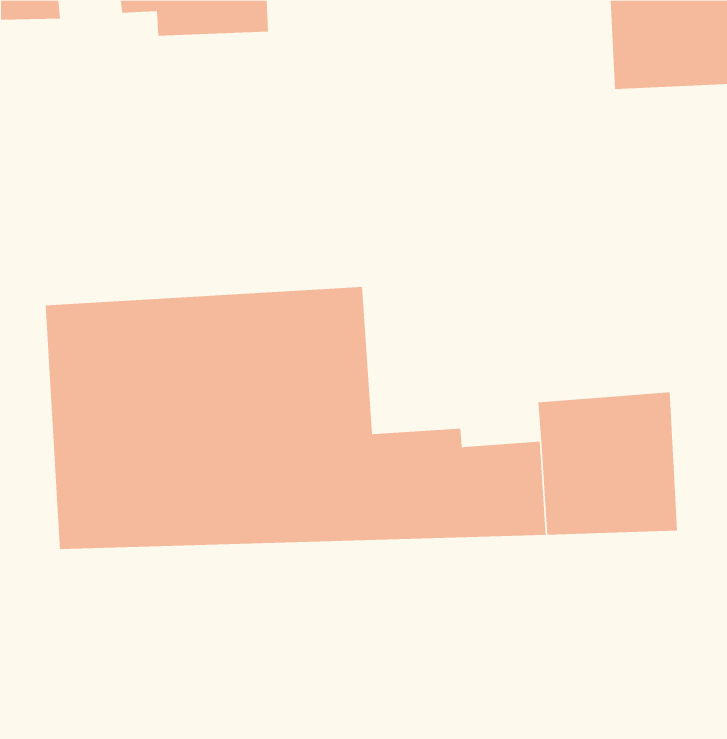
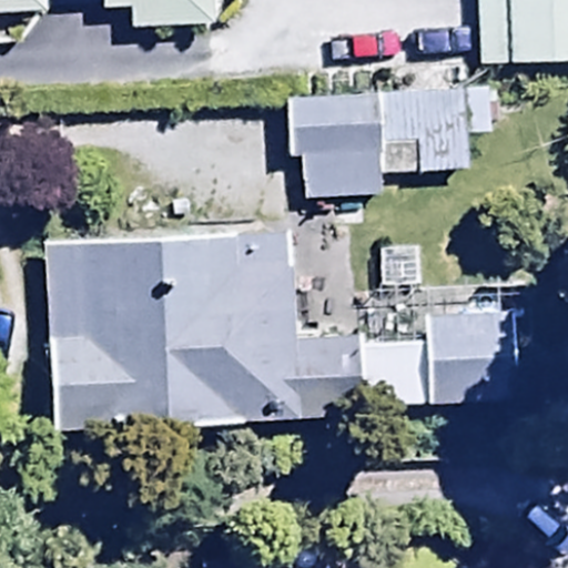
building: none -> [284,85,491,235]

